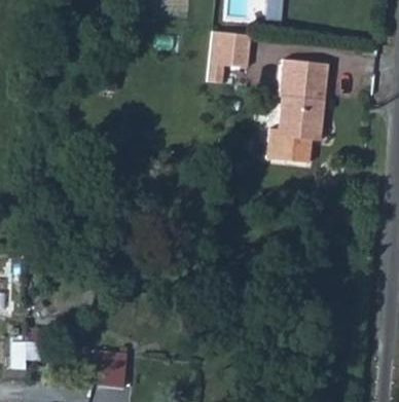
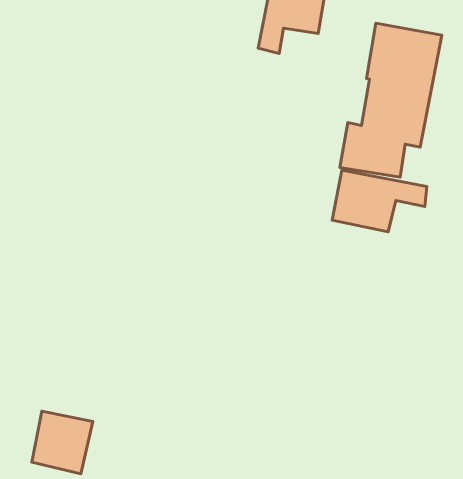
building: none -> [332,170,427,232]

